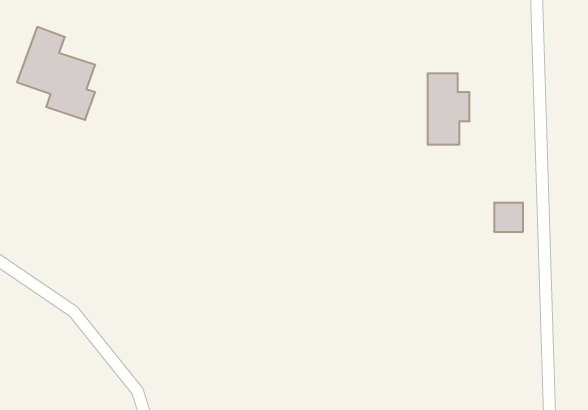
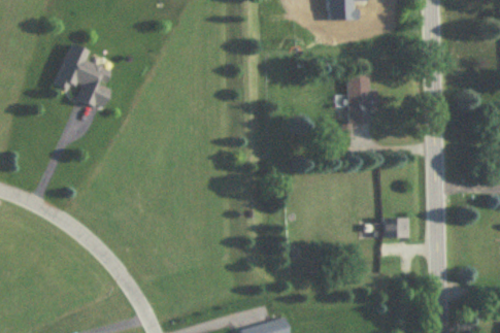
building: [494,203,523,232] -> [388,218,408,238]

